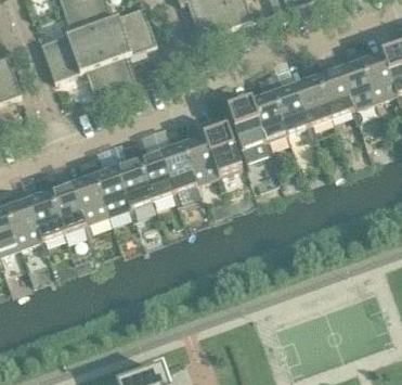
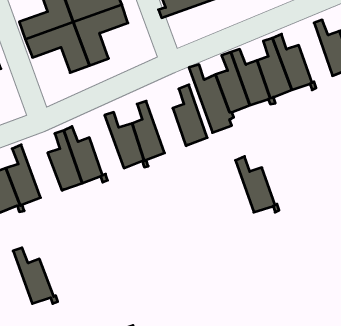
building: [338,44,374,108] -> none
building: [176,124,222,183] -> [235,156,279,212]
building: [115,143,152,207] -> none
building: [42,171,90,231] -> [13,248,58,304]

